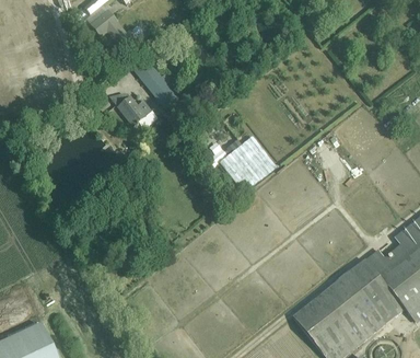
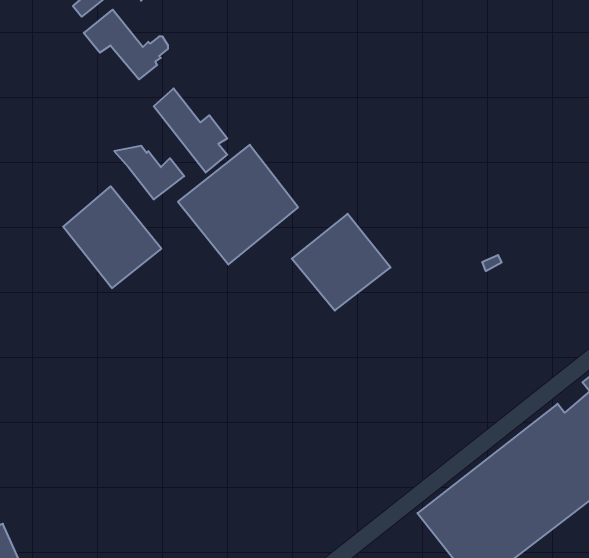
building: none -> [178,145,298,265]
building: none -> [63,186,161,288]

